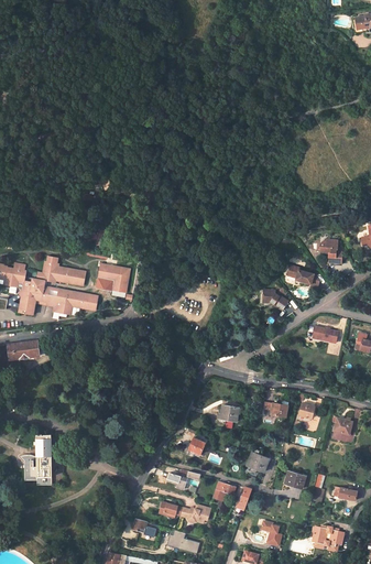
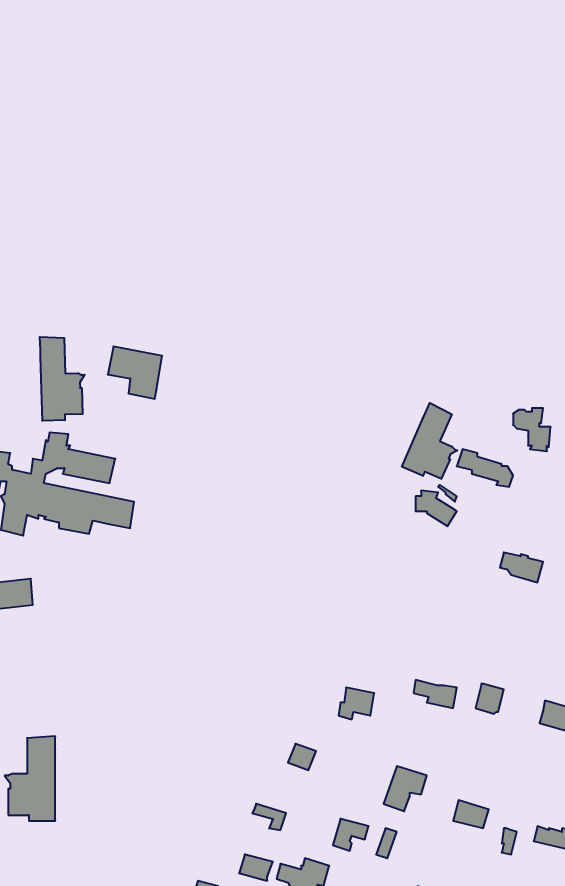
building: none -> [40,337,85,421]
building: none -> [402,403,457,479]
building: [98,262,130,293] -> [108,346,162,399]

